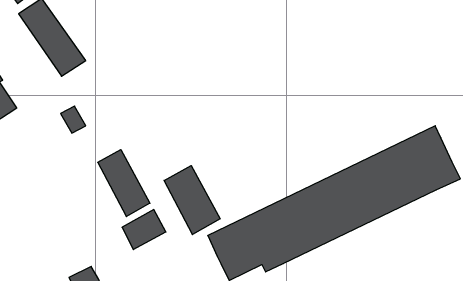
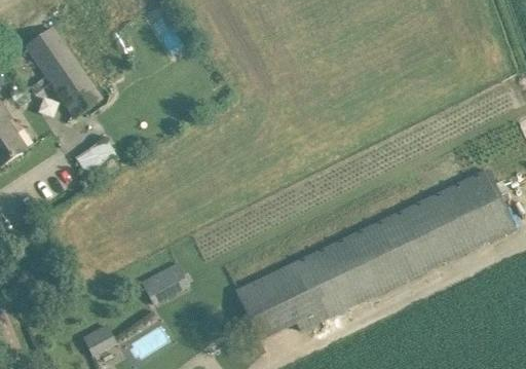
building: [98,150,150,217] -> none
building: [164,166,220,235] -> none

